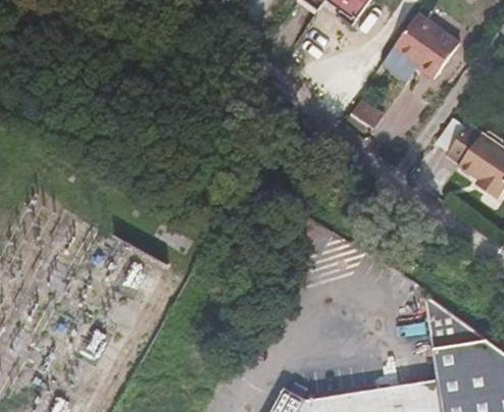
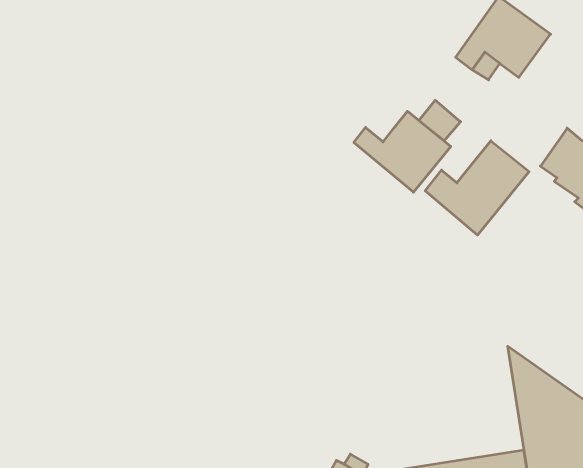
building: none -> [354,111,451,192]
building: none -> [425,141,529,235]

